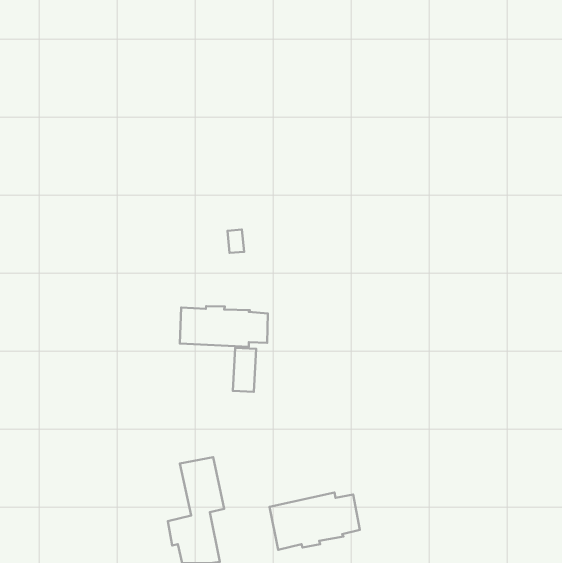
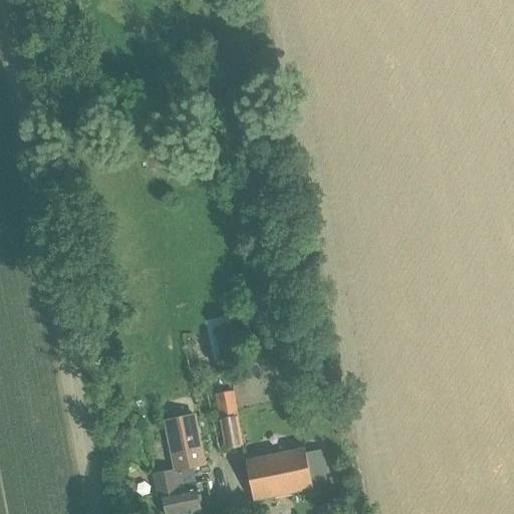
building: [180,306,268,347] -> none
building: none -> [215,391,242,449]

